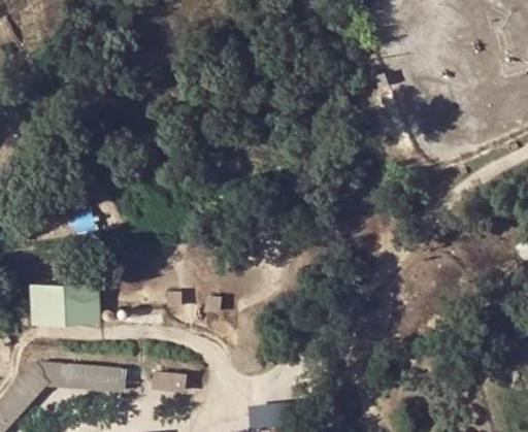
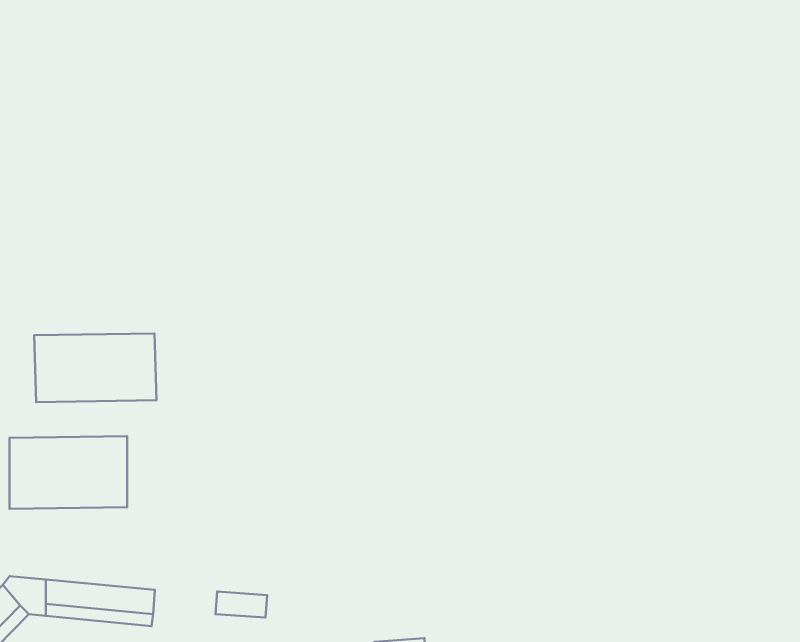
building: none -> [34,334,157,402]

